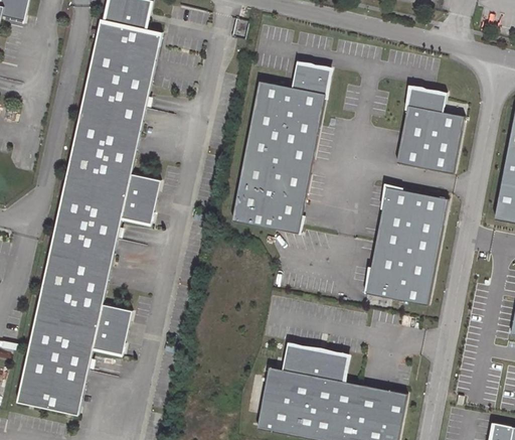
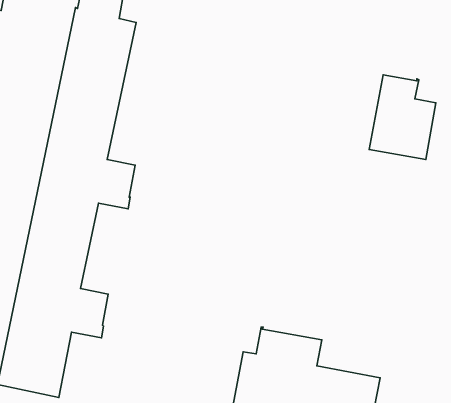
building: [231,59,330,234] -> none
building: [364,186,449,305] -> none

